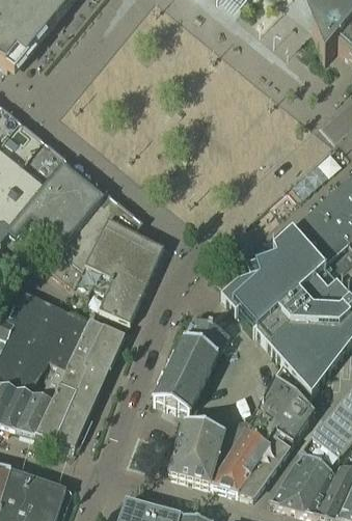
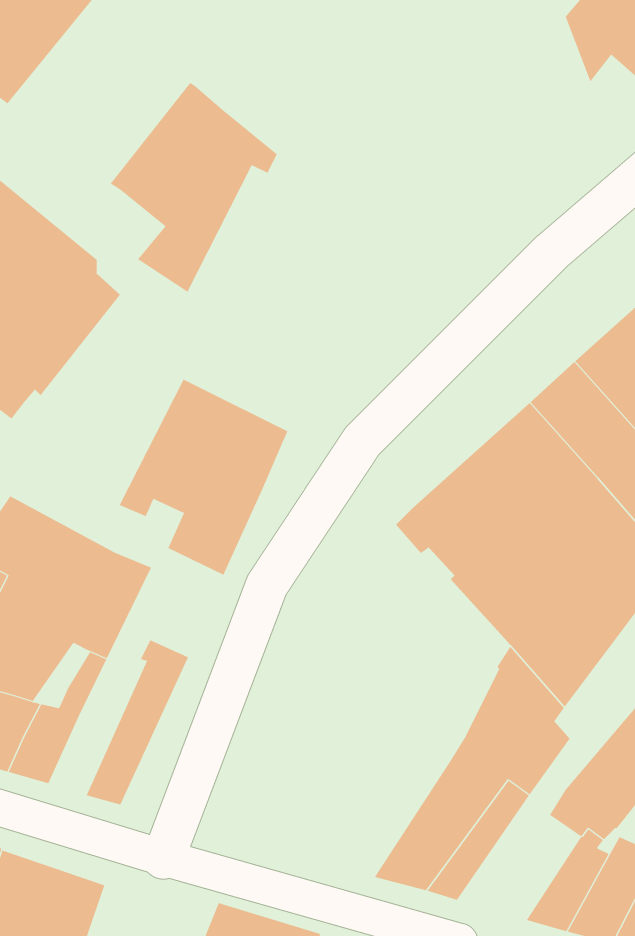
building: [30,174,119,286] -> [110,82,277,292]
building: [152,318,226,413] -> none
building: [34,320,123,441] -> none
building: [167,418,248,485] -> none
building: [268,451,318,508] -> none

